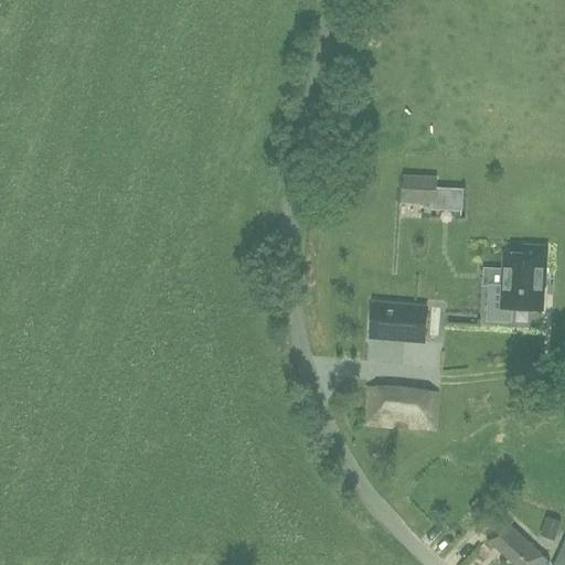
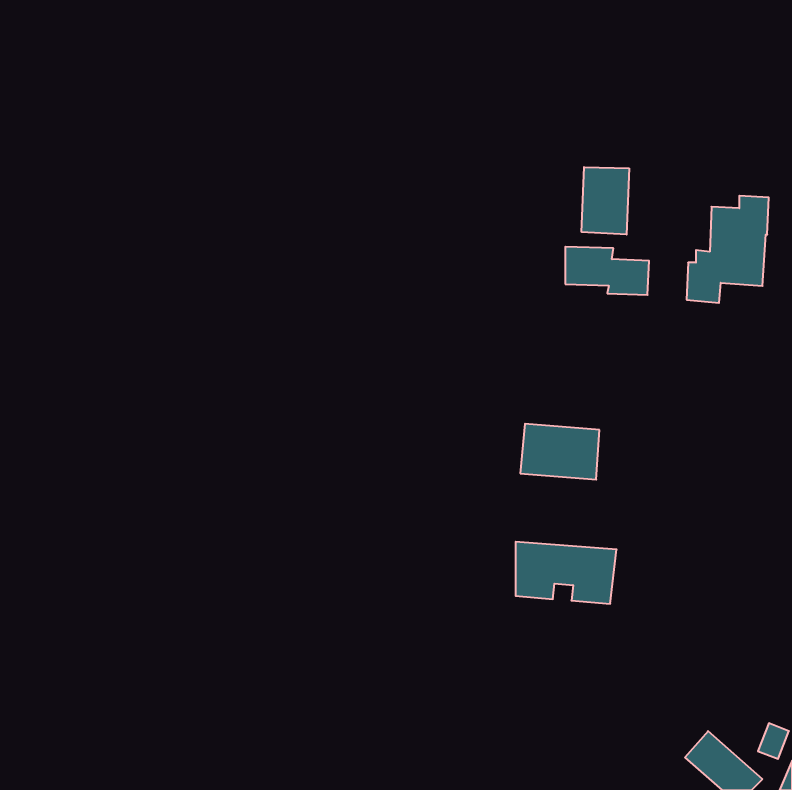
building: none -> [582,167,629,235]
building: [487,245,545,321] -> [687,196,769,303]

